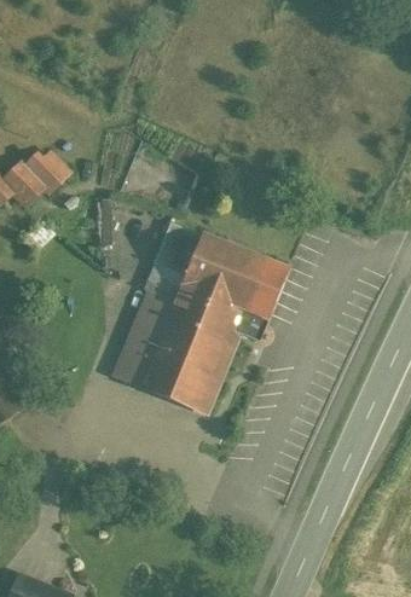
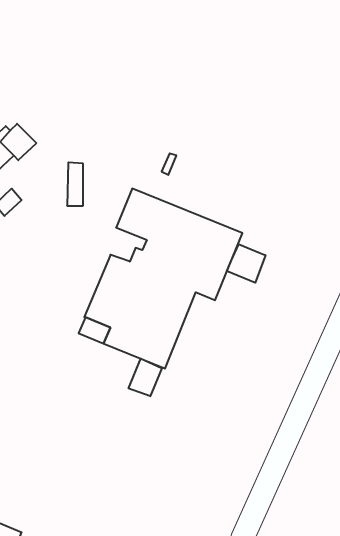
building: none -> [227,244,265,283]
building: none -> [129,359,162,396]

